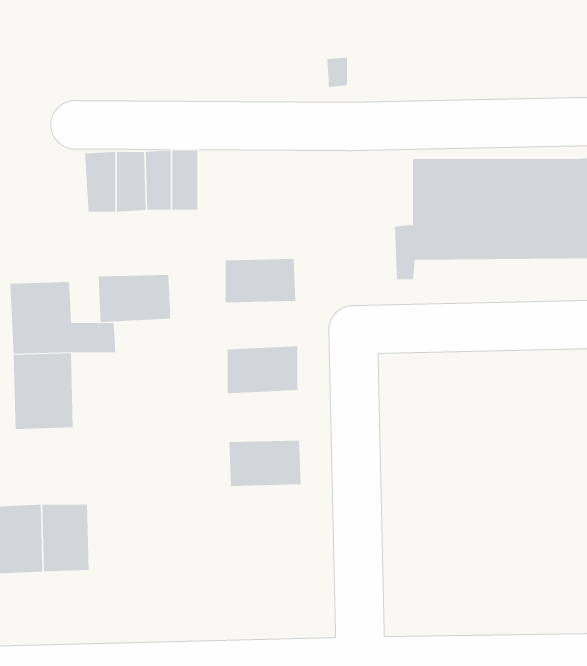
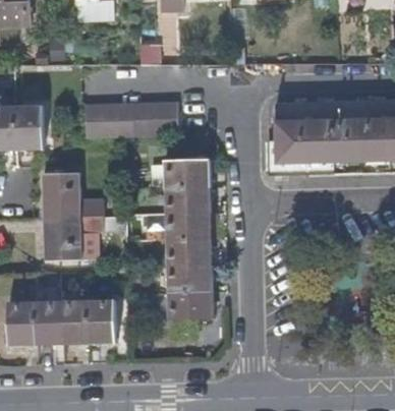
building: none -> [154,100,179,134]
building: [98,274,171,323] -> [169,186,211,214]
building: none -> [170,237,212,267]
building: none -> [172,291,213,316]
building: none -> [91,302,117,340]

